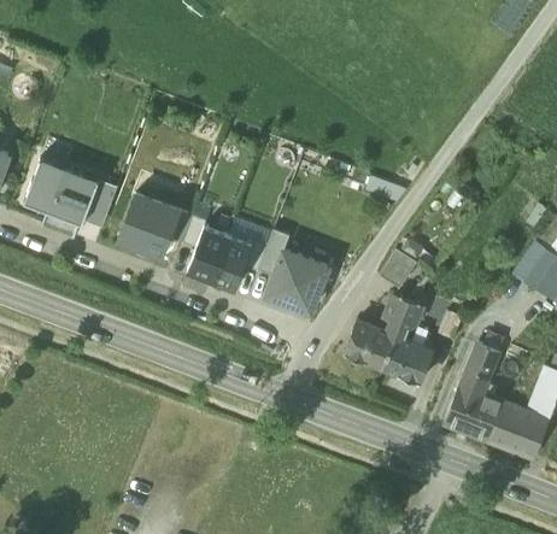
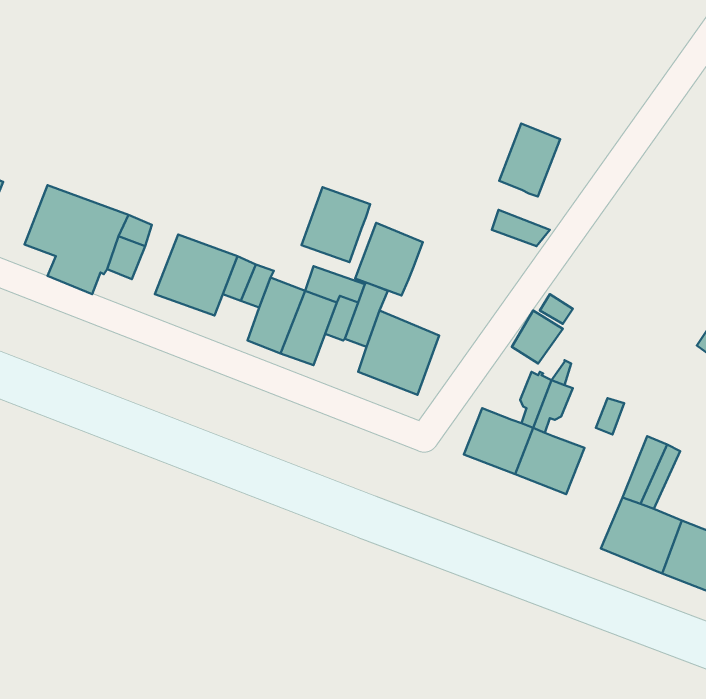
building: none -> [499,124,560,196]
building: none -> [302,187,370,262]
building: none -> [355,223,423,296]

